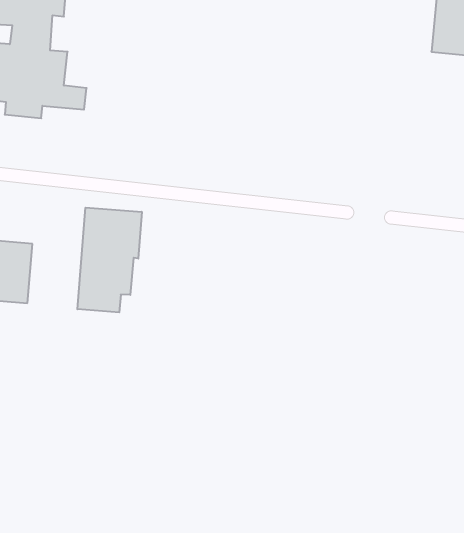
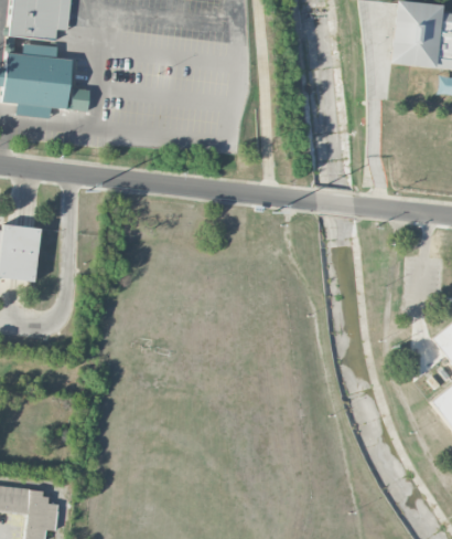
building: [77,208,142,312] -> none

